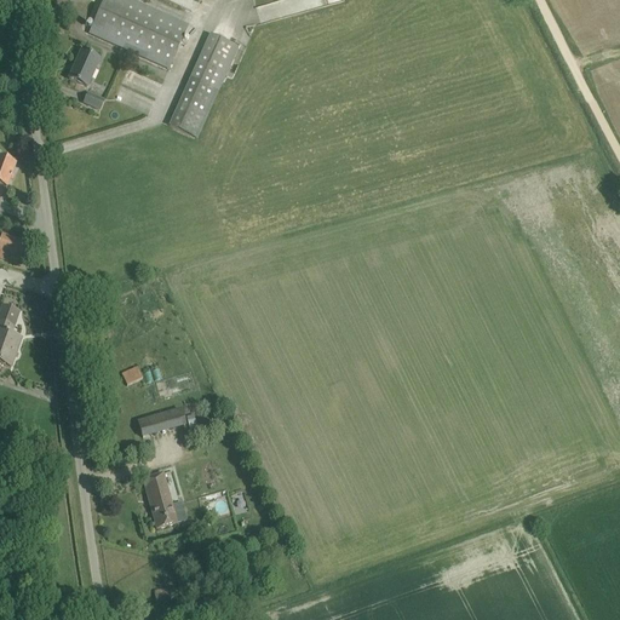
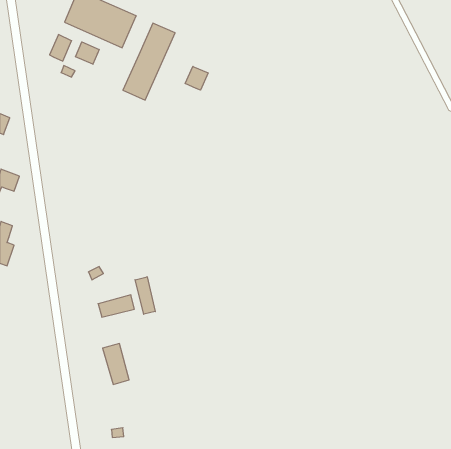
building: none -> [76,42,99,64]
building: none -> [185,66,208,90]
building: none -> [135,277,155,314]

